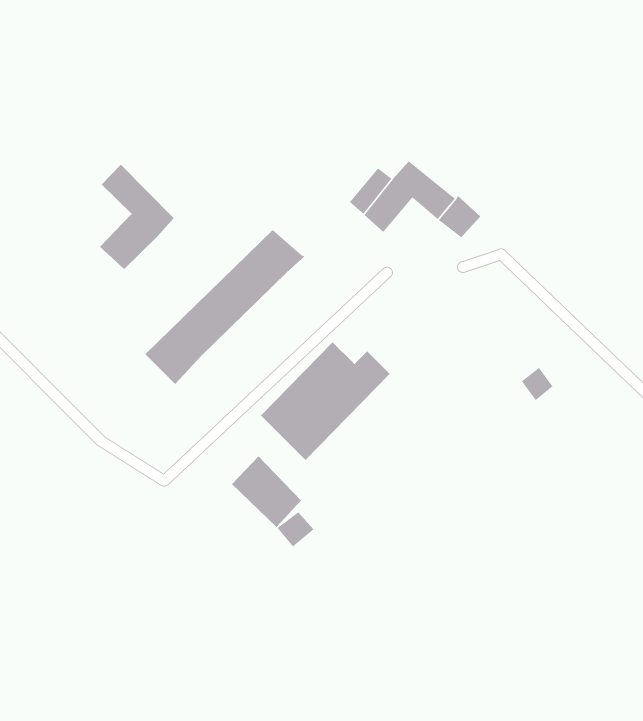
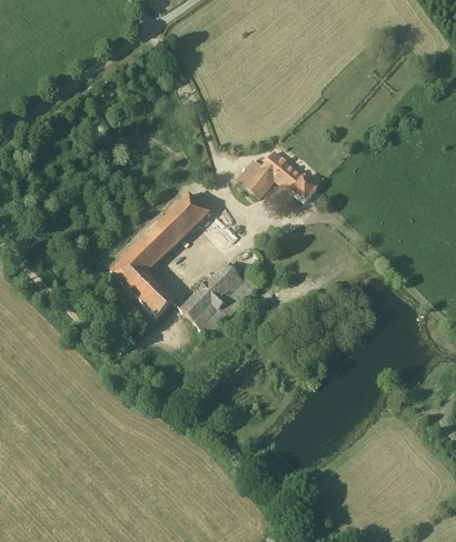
building: [99,164,174,270] -> none
building: [231,455,302,528] -> [128,272,171,317]

